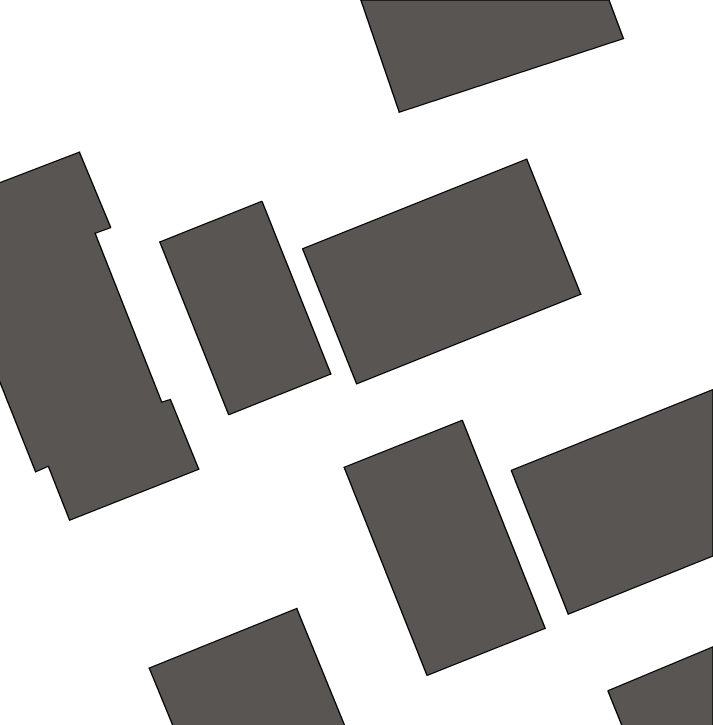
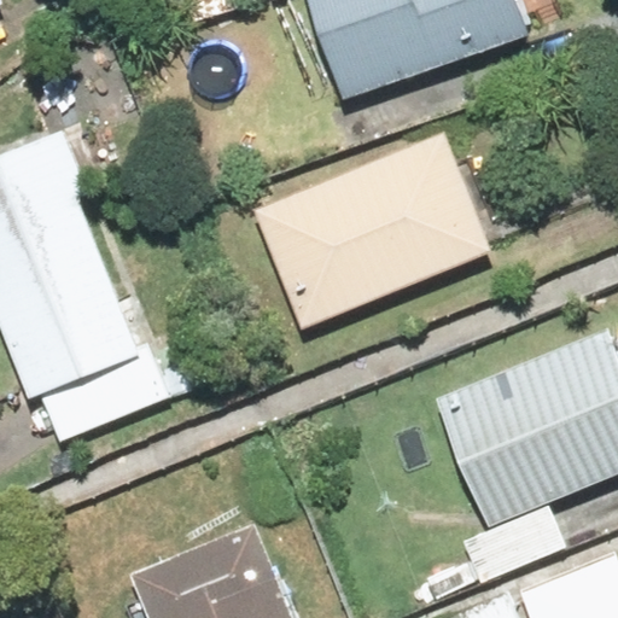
building: [160,201,331,415] -> none
building: [344,420,545,675] -> none

